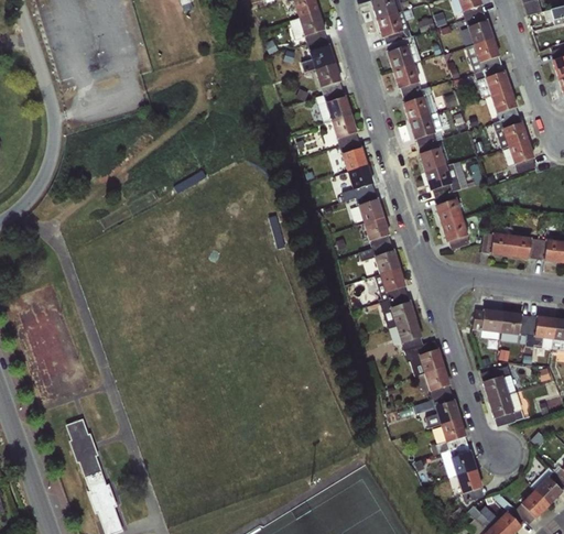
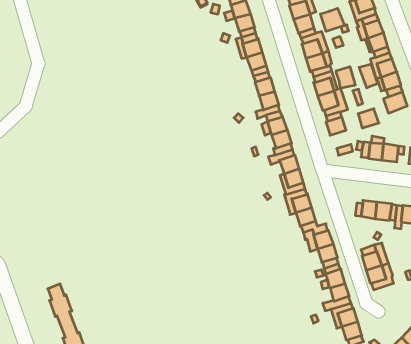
building: none -> [320,8,344,31]
building: none -> [359,64,378,88]
building: none -> [336,67,355,89]
building: none -> [384,92,407,113]
building: [441,217,468,242] -> [358,109,379,128]

